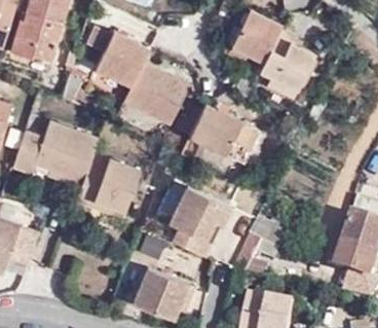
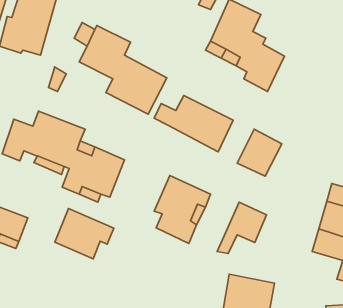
building: none -> [237,129,282,176]
building: [134,266,195,319] -> [55,209,114,259]

